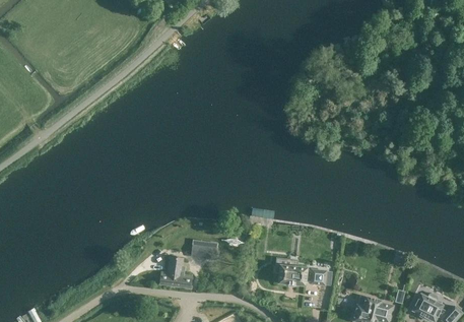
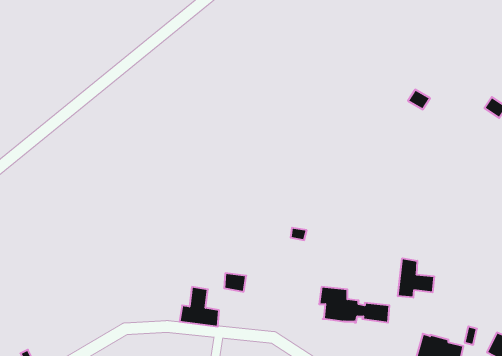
building: none -> [398,258,434,298]

